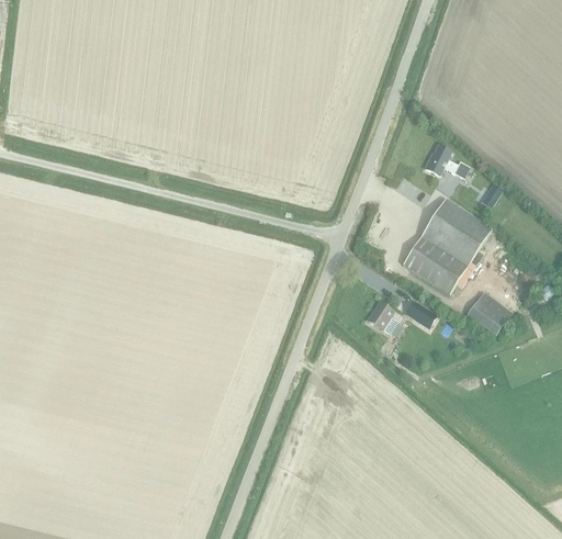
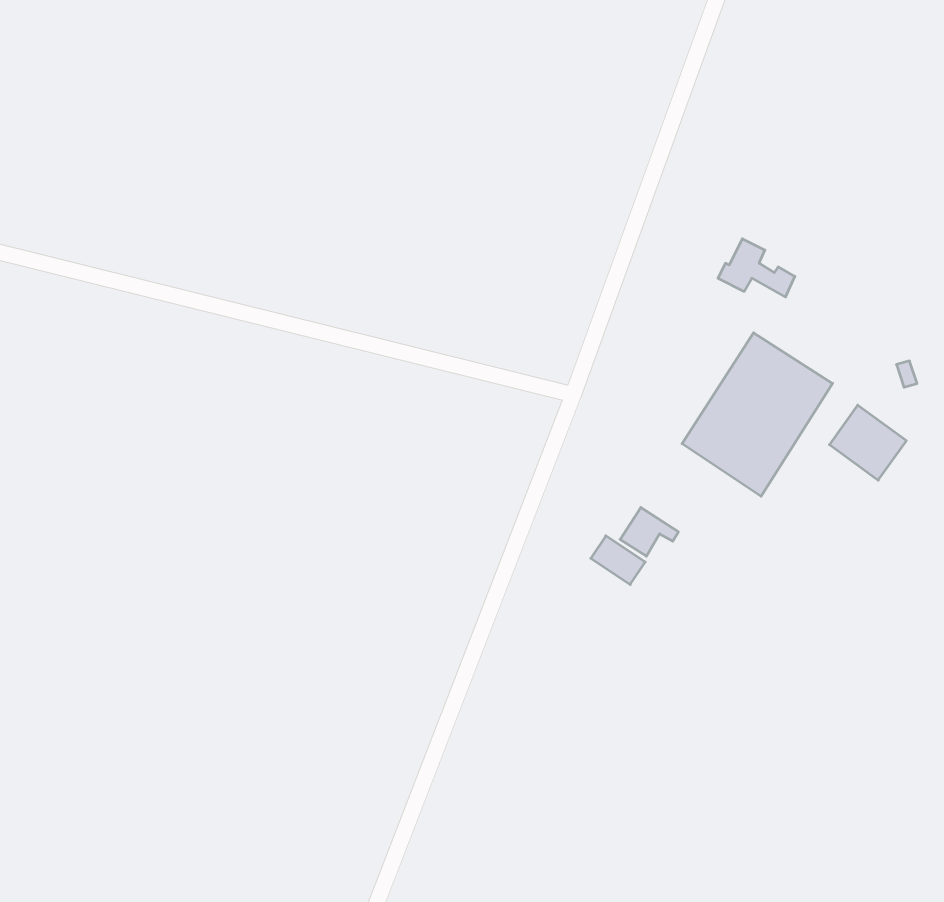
building: [465,291,510,335] -> [829,405,906,480]
building: [404,300,436,328] -> [591,536,645,585]

